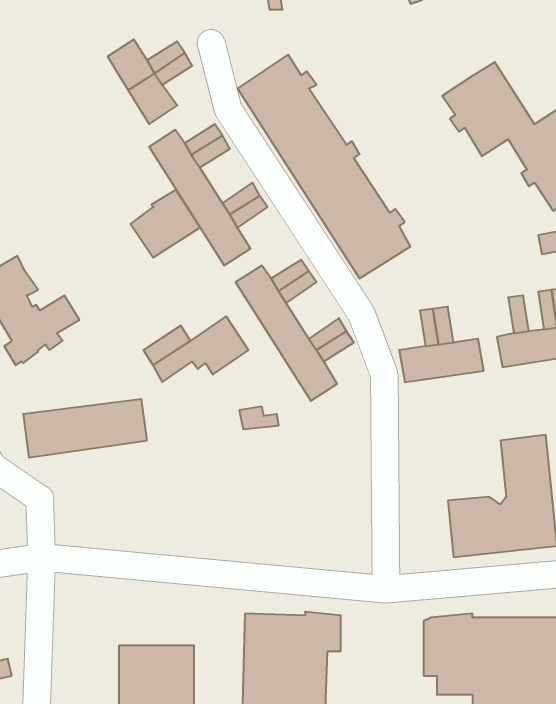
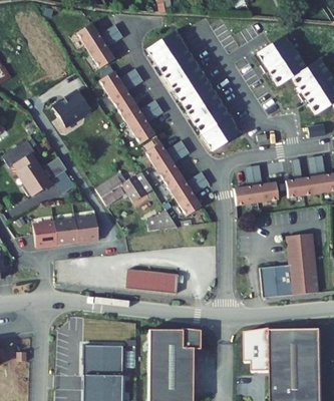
building: [131,190,200,258] -> [52,89,89,125]
building: none -> [125,269,179,293]

